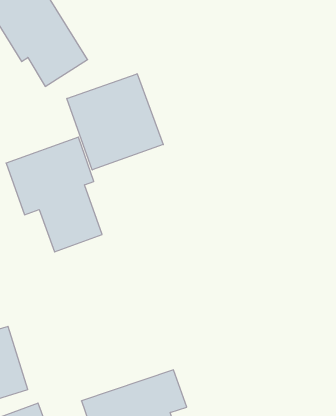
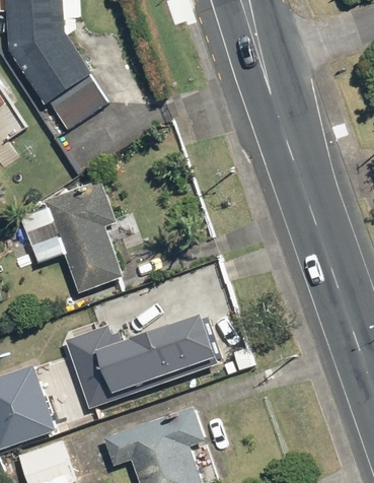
building: [67,74,163,170] -> none
building: none -> [67,316,219,408]

